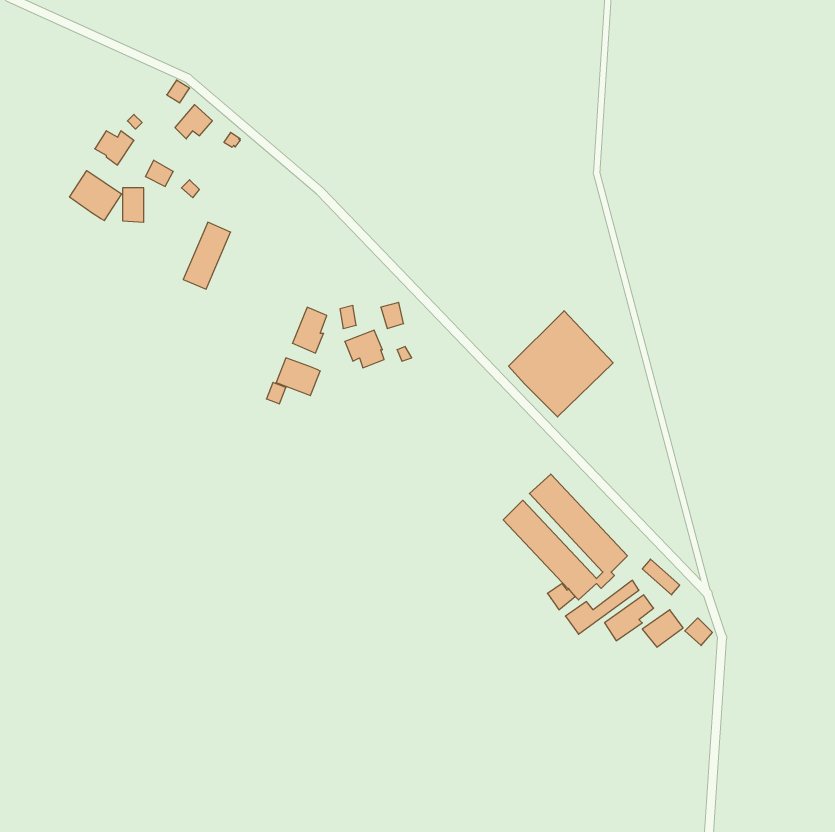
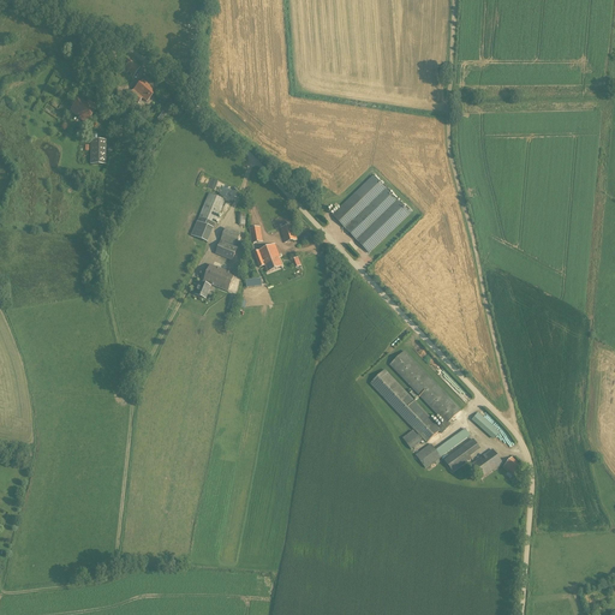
building: [70,171,122,221] -> none
building: [183,222,231,289] -> [191,191,226,240]
building: [509,311,613,417] -> [333,173,410,251]

